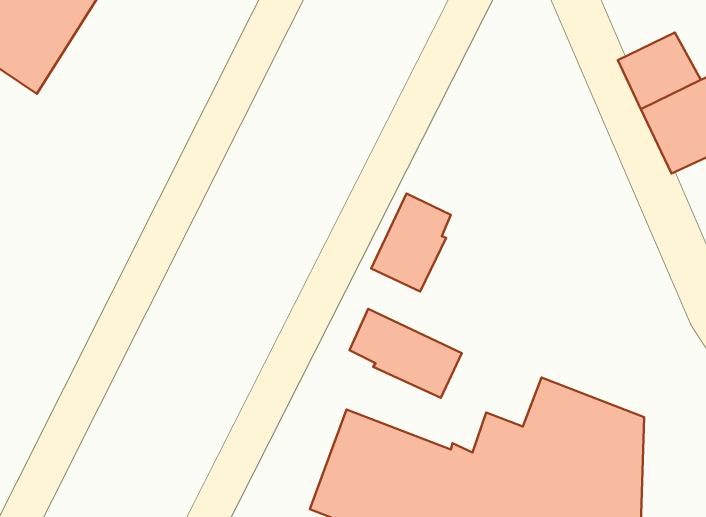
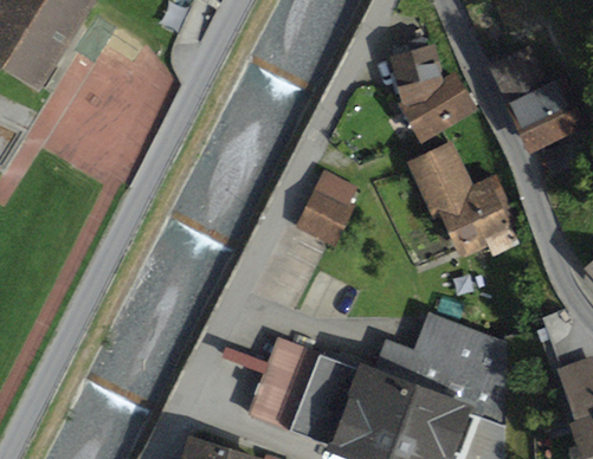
building: none -> [389,45,478,144]
building: none -> [407,141,515,257]
building: [350,309,462,398] -> none

